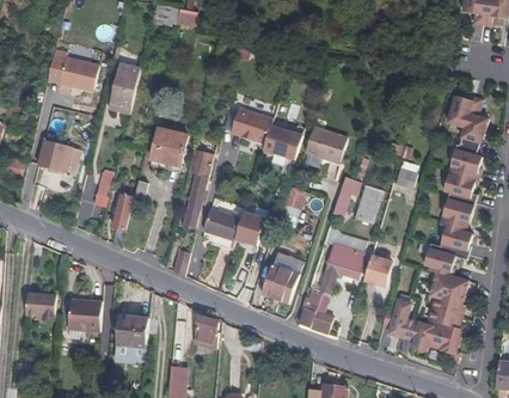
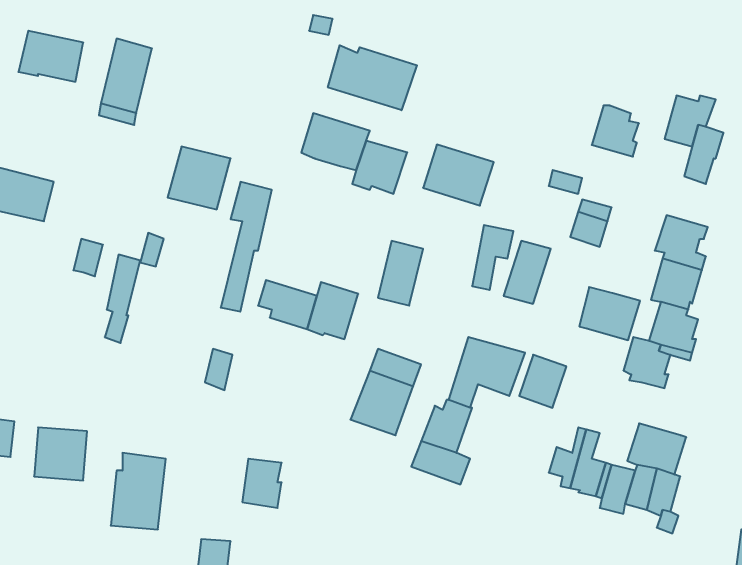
building: none -> [328,45,417,110]
building: [453,146,482,177] -> [592,106,639,157]
building: [431,271,468,304] -> [579,287,640,340]

